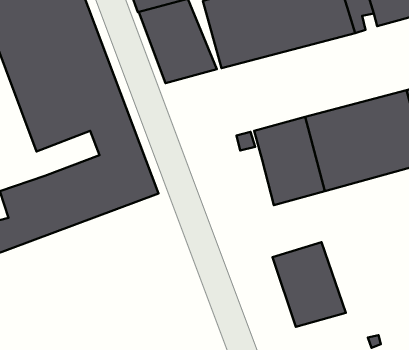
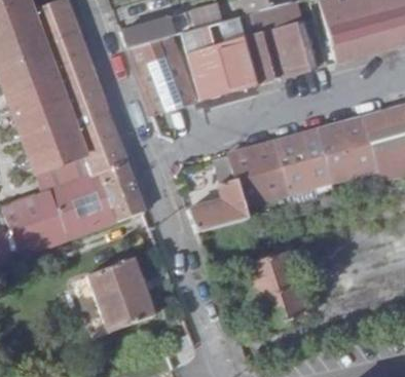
building: none -> [37,152,93,192]
building: none -> [187,178,247,231]
building: none -> [87,256,155,333]

